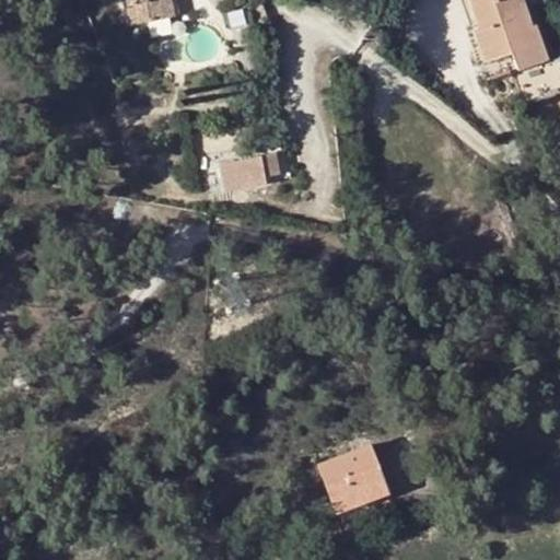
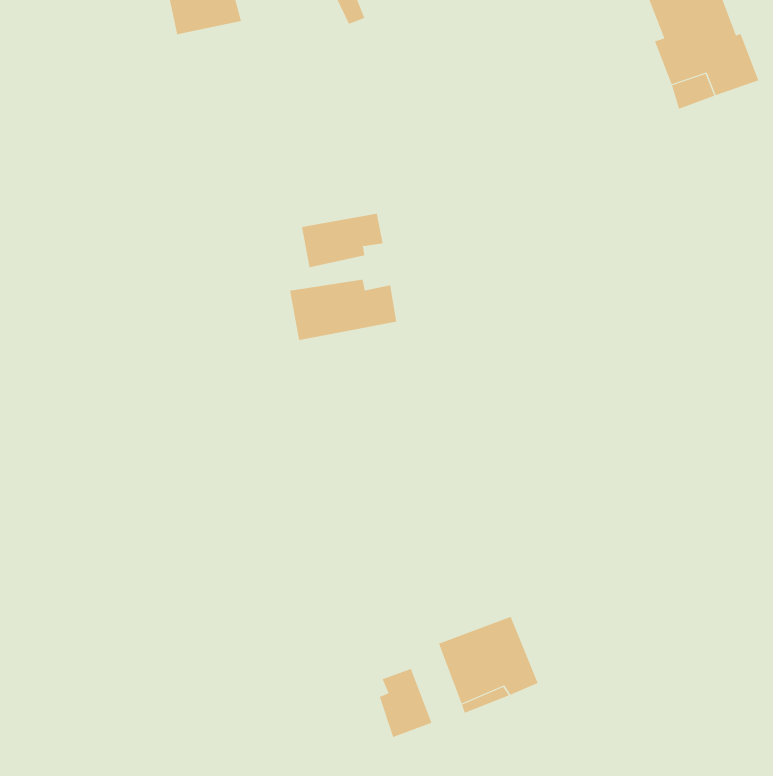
building: none -> [290,279,397,341]
building: none -> [379,668,432,738]

